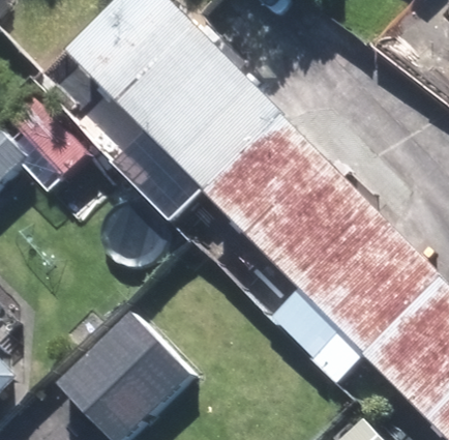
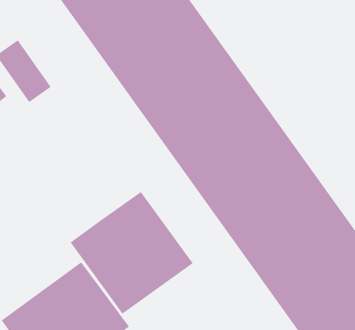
building: none -> [70,191,193,315]

